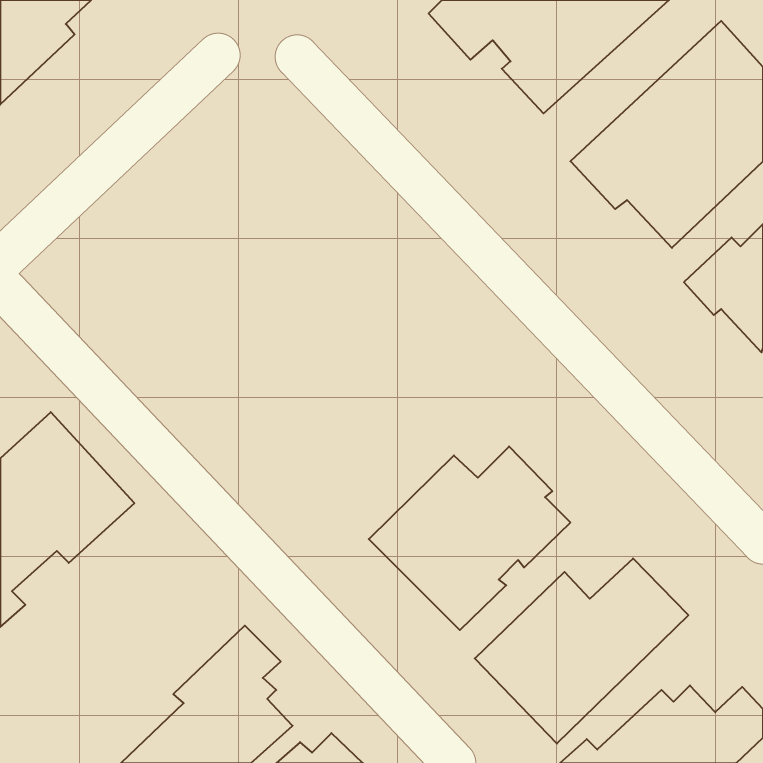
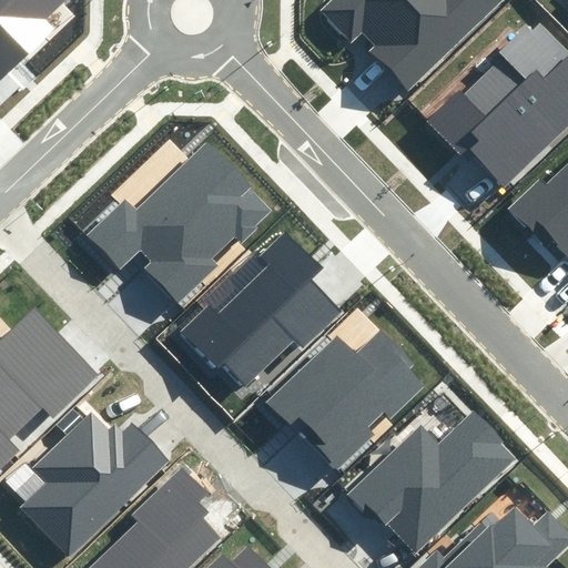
building: none -> [89,139,280,303]
building: none -> [182,231,344,392]
building: none -> [23,410,173,557]

